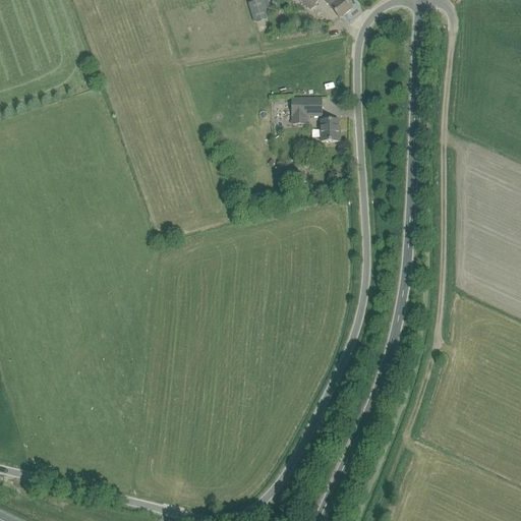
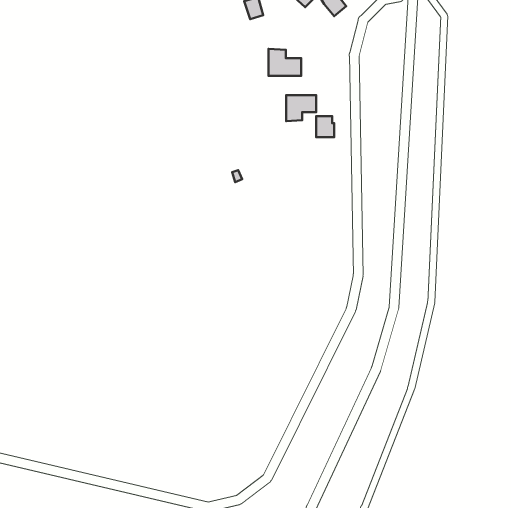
building: none -> [268,49,301,76]

